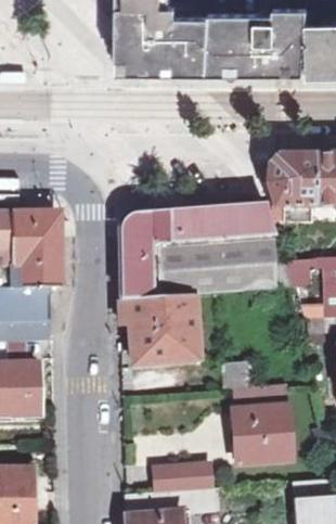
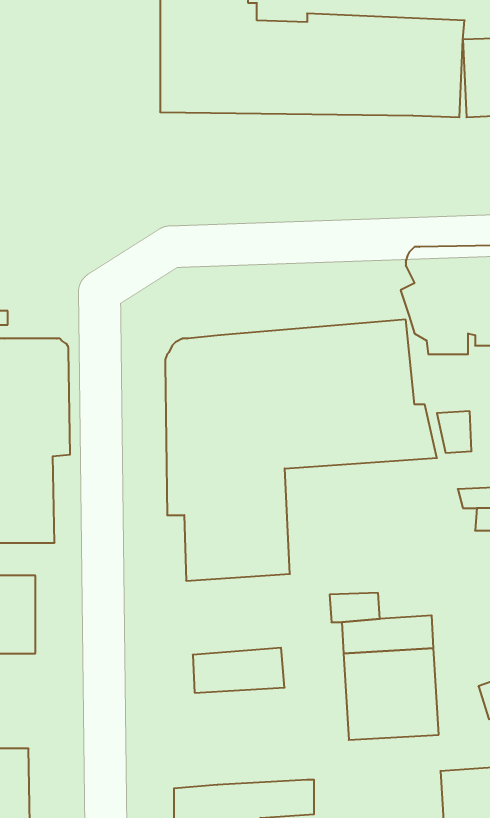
building: [151,464,208,493] -> [193,648,285,693]

